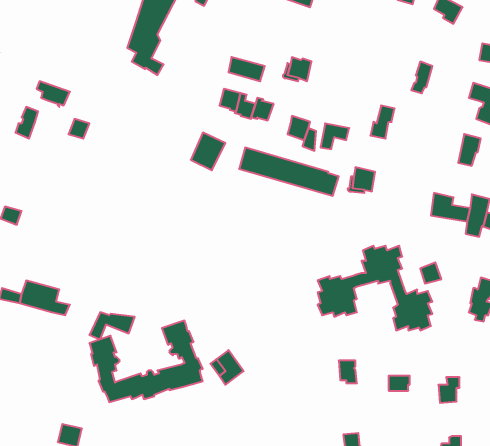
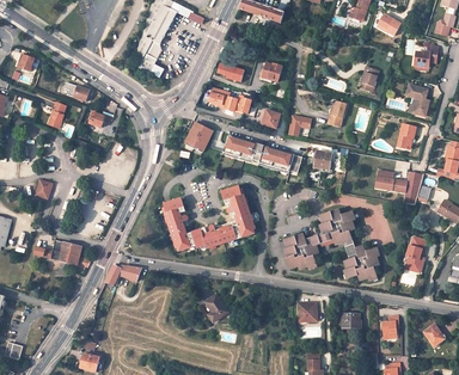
building: [89,321,203,402] -> [164,185,253,250]

